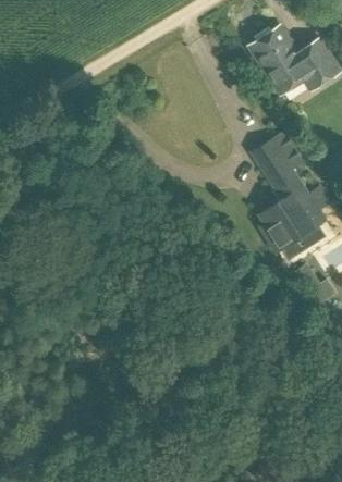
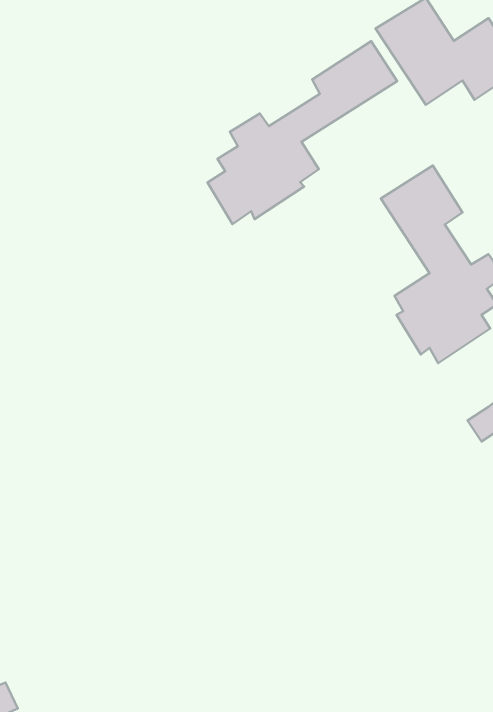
building: none -> [208,41,397,224]

